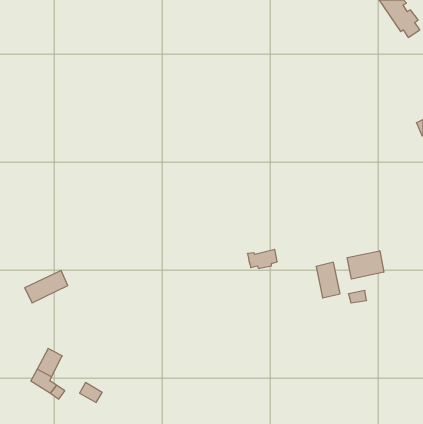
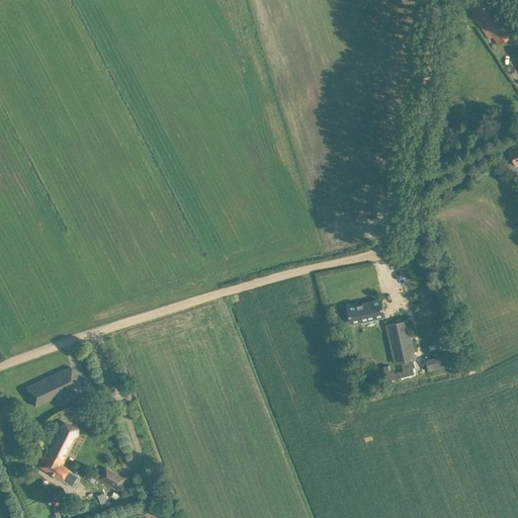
building: [247,249,277,268] -> [347,299,383,323]
building: [347,251,384,279] -> none
building: [25,270,68,303] -> [25,366,78,406]

